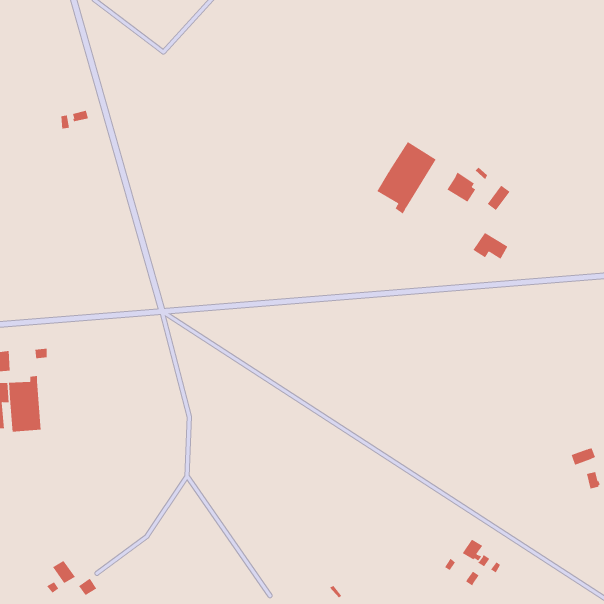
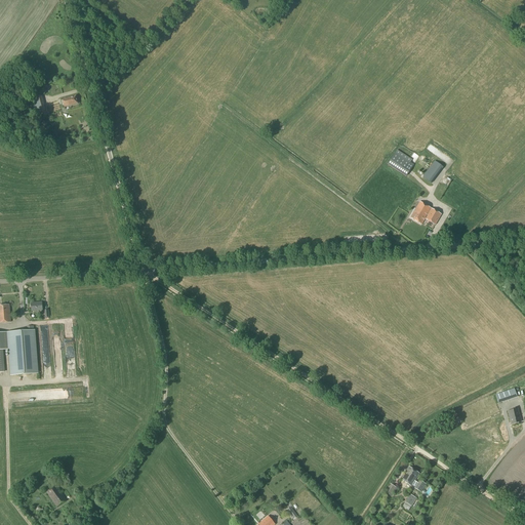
building: [377,141,437,215] -> none

